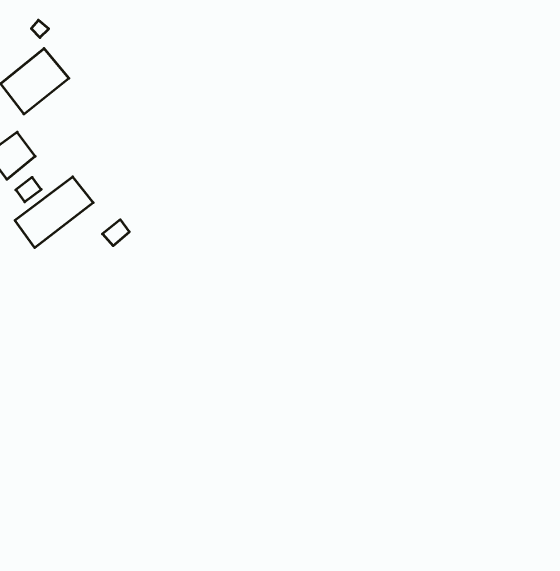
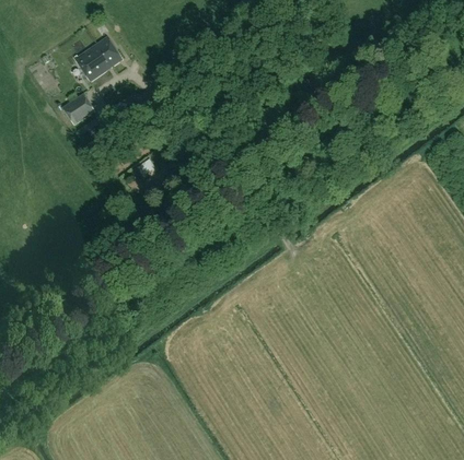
building: [15,177,93,248] -> none

